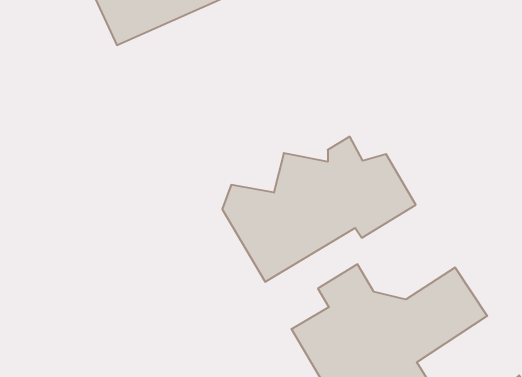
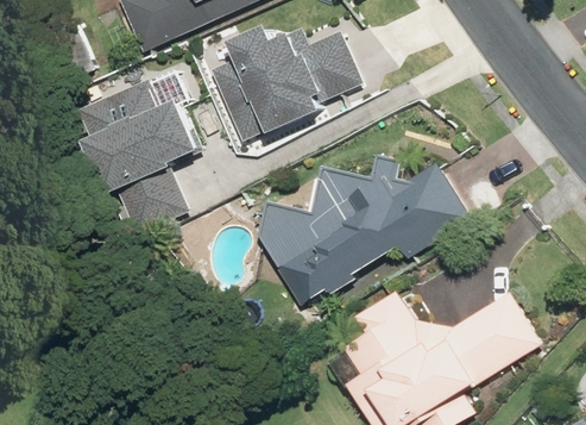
building: none -> [206,18,361,132]
building: none -> [77,74,210,233]

